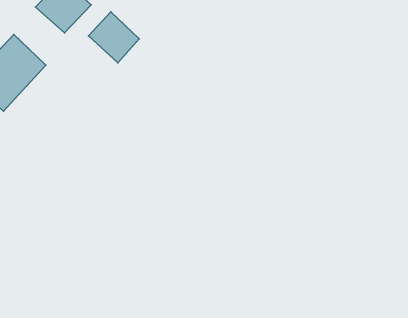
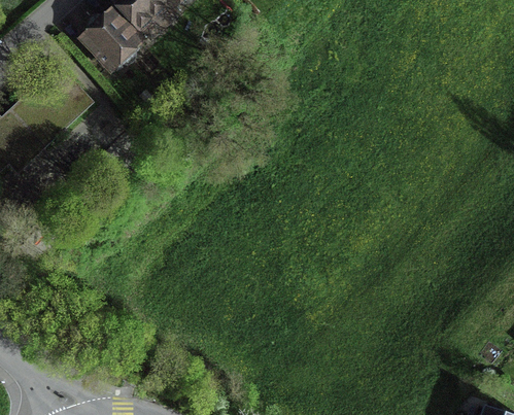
building: [89,12,139,63] -> none

